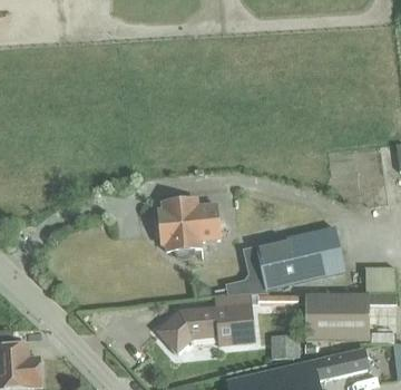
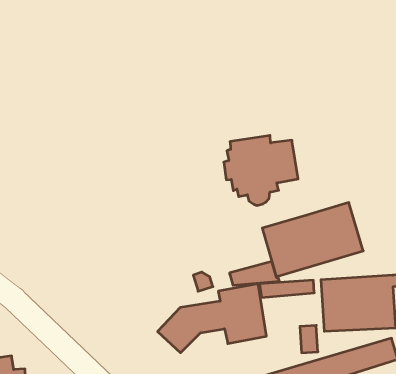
building: [155,197,219,259] -> [224,135,298,205]

